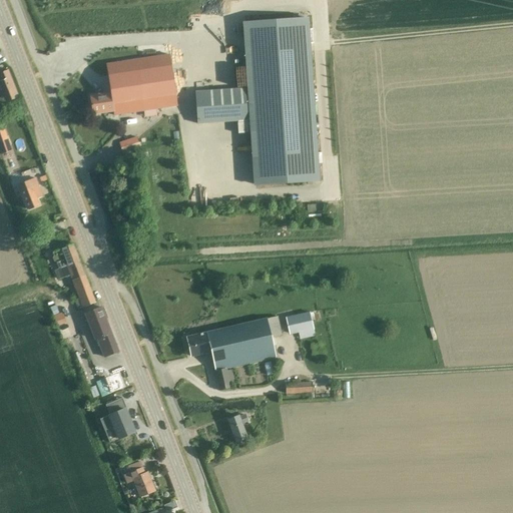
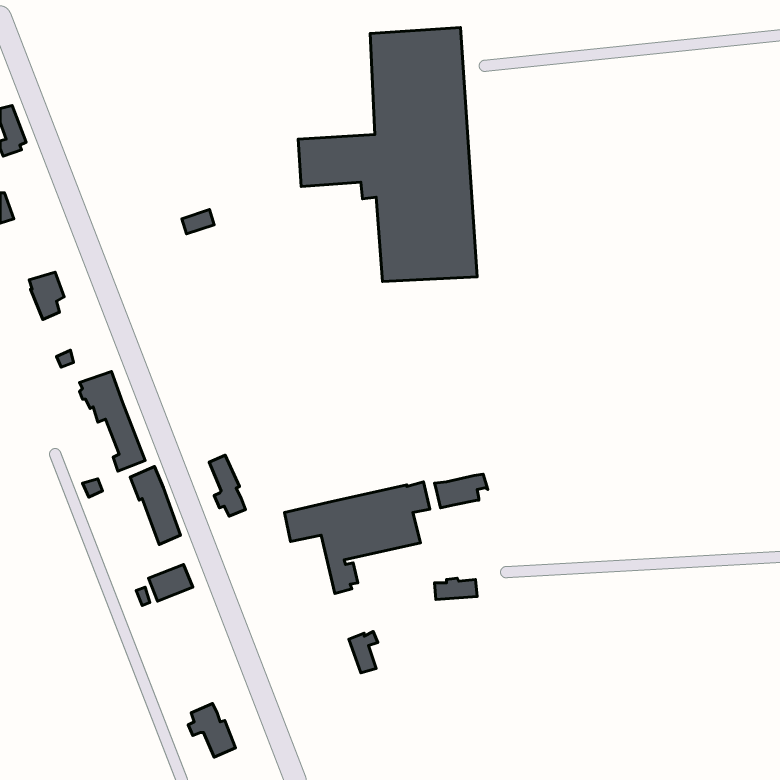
building: [90,53,178,114] -> none
building: none -> [209,455,245,516]
building: [101,398,136,439] -> none

